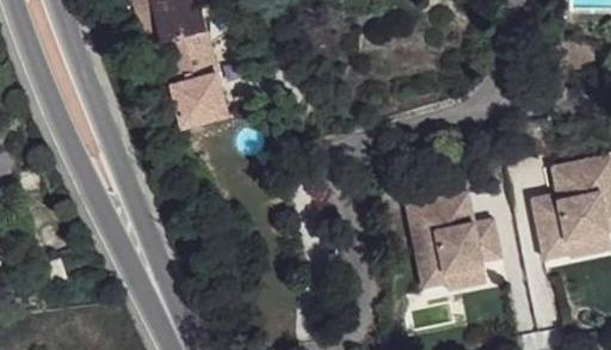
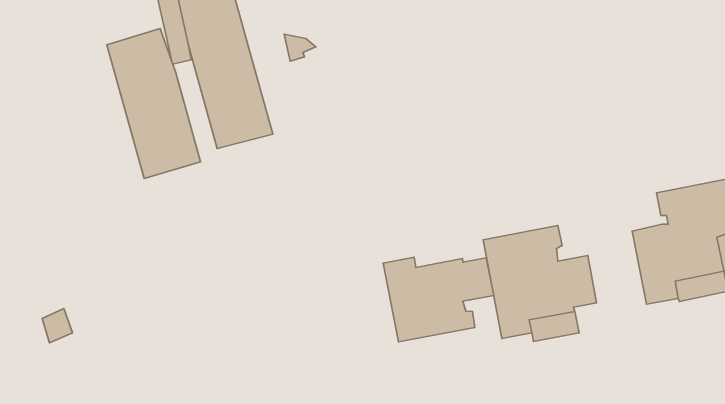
building: none -> [107,29,200,179]
building: none -> [383,257,494,342]

